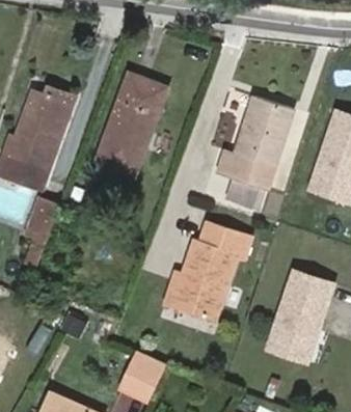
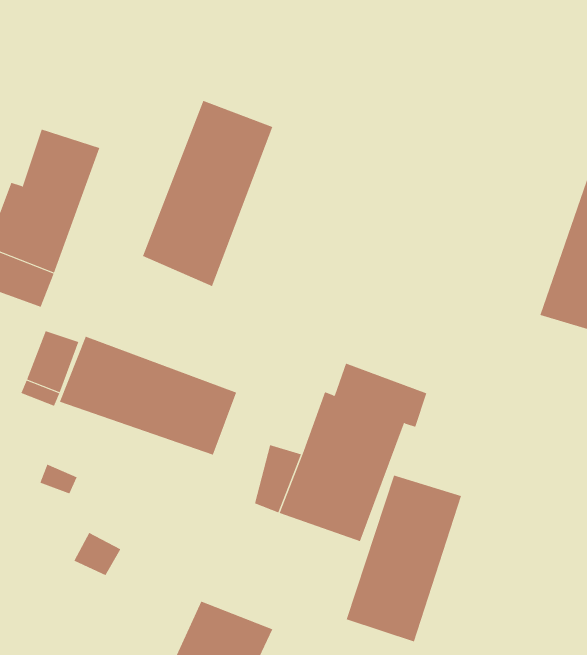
building: [218,99,293,207] -> none
building: none -> [59,336,237,456]
building: [271,274,334,365] -> [346,475,462,642]

